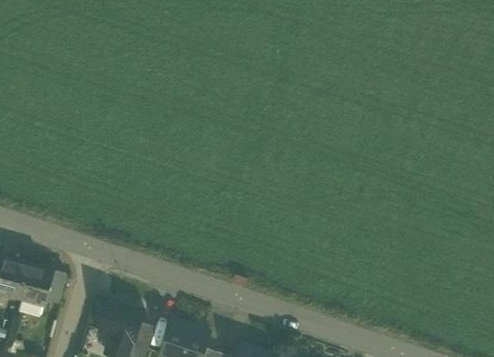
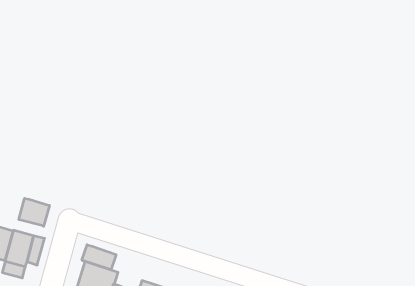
building: none -> [19,198,49,226]
building: none -> [82,245,116,270]

